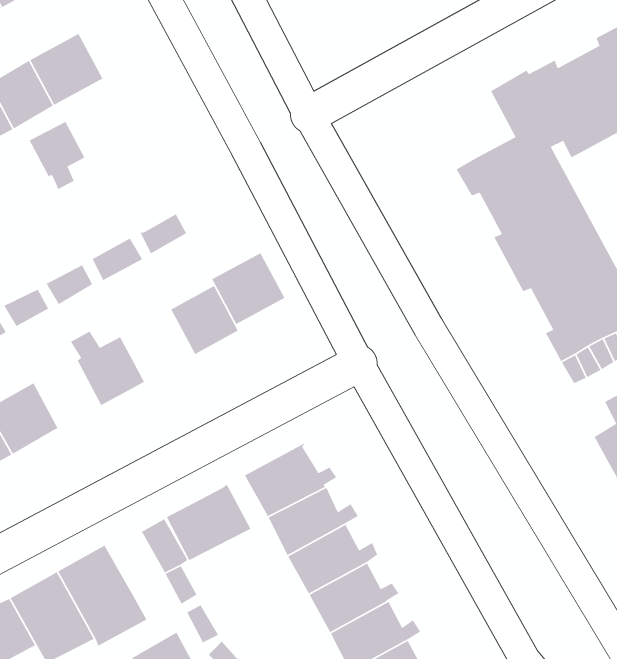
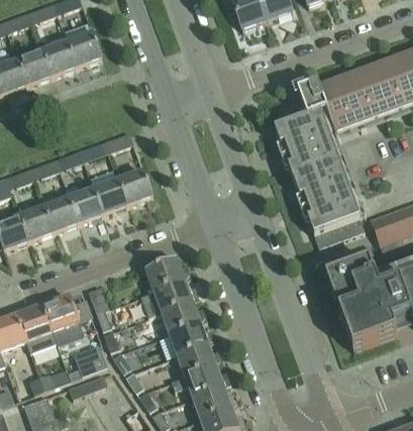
building: [28,121,86,190] -> none
building: [211,252,285,325] -> [92,178,128,213]
building: none -> [44,197,77,230]
building: [166,484,252,561] -> none

